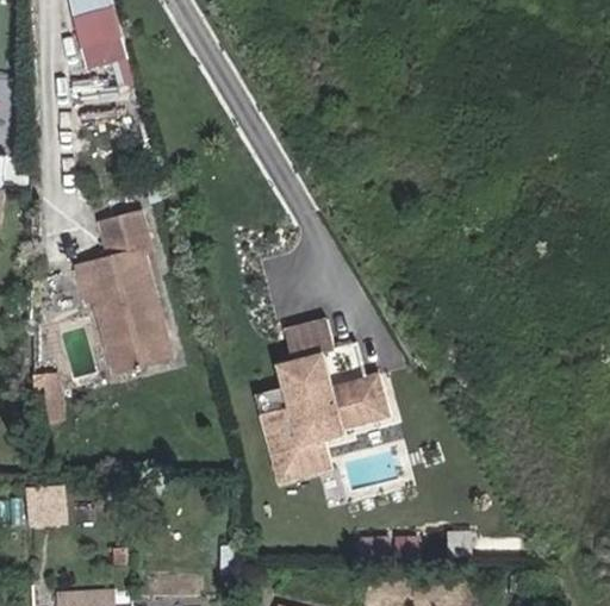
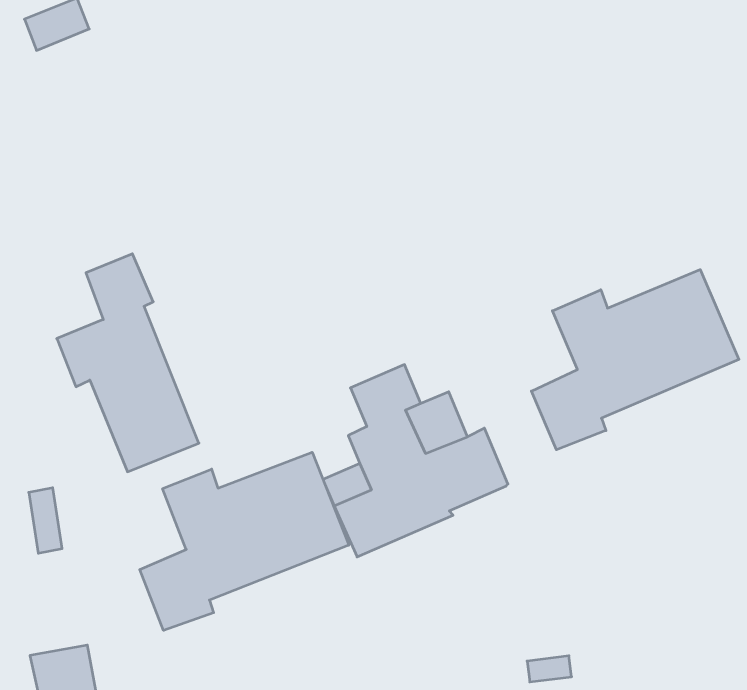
building: none -> [531,270,739,450]
building: none -> [140,452,349,630]
building: [273,438,334,481] -> none

